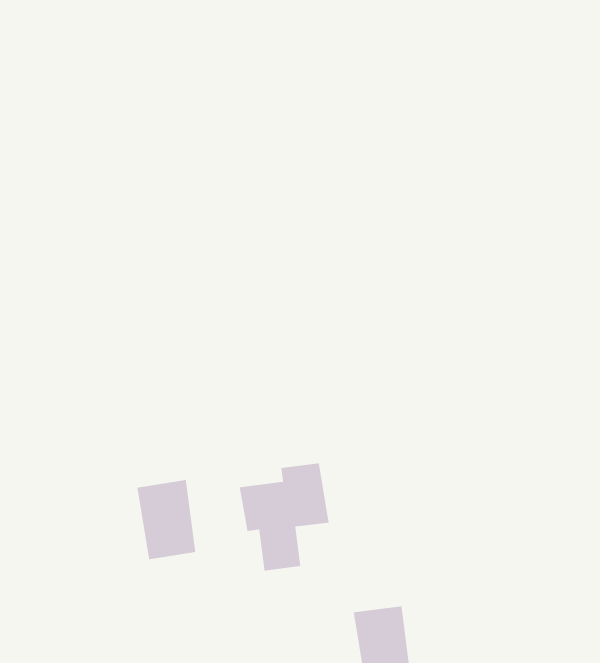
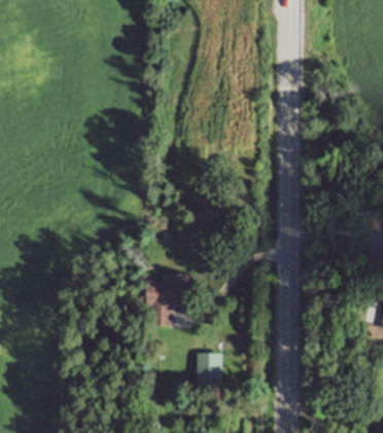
building: [137,479,196,560] -> none

